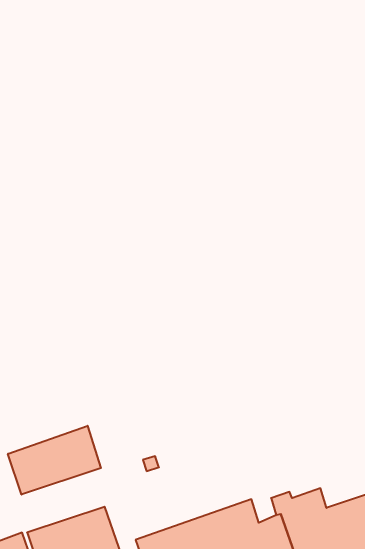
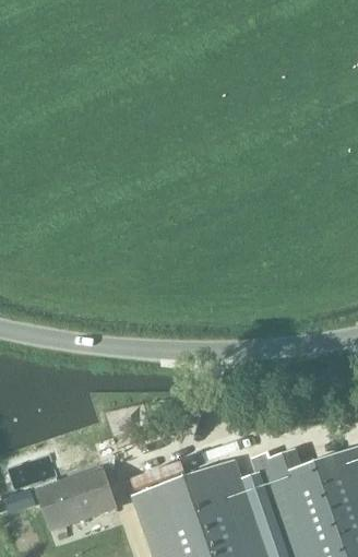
building: [8,426,101,495] -> none

